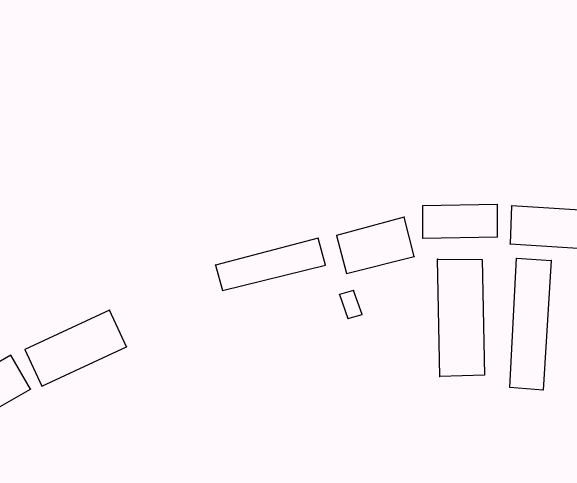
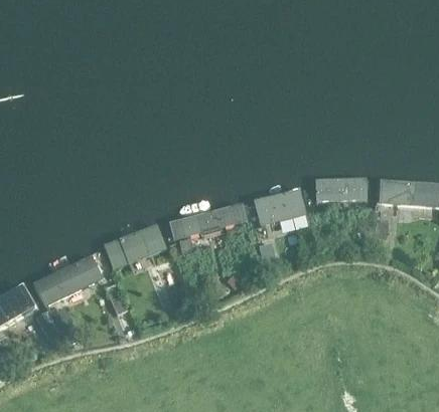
building: [510,258,551,390] -> none
building: [438,259,484,377] -> none
building: none -> [104,221,168,268]

